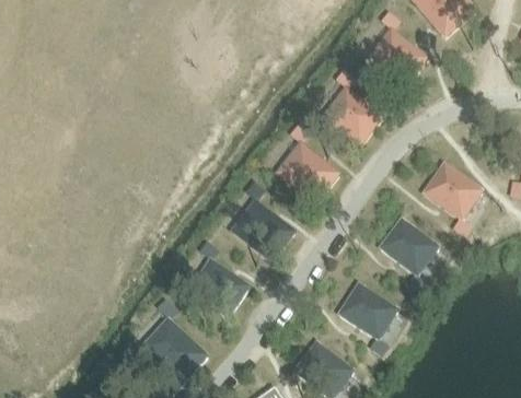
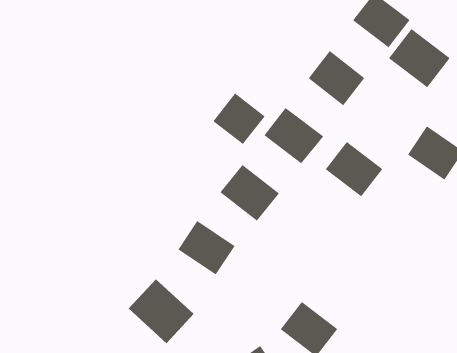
building: none -> [388,28,450,88]
building: none -> [212,93,266,145]
building: [380,218,439,274] -> [325,141,383,197]
building: [339,283,397,338] -> none

